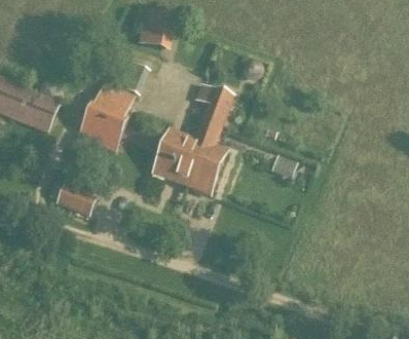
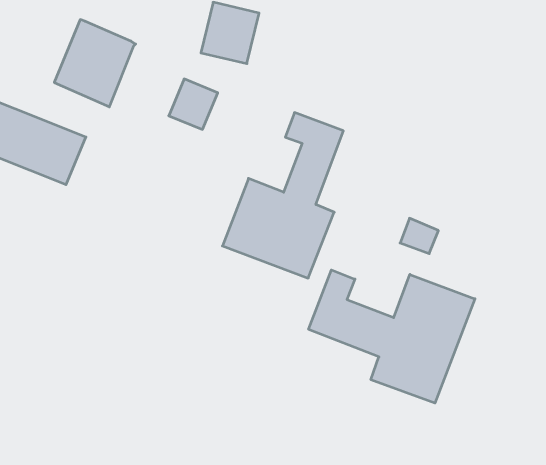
building: [77,92,132,151] -> [54,20,136,107]
building: [54,184,95,215] -> none
building: none -> [309,270,475,403]

